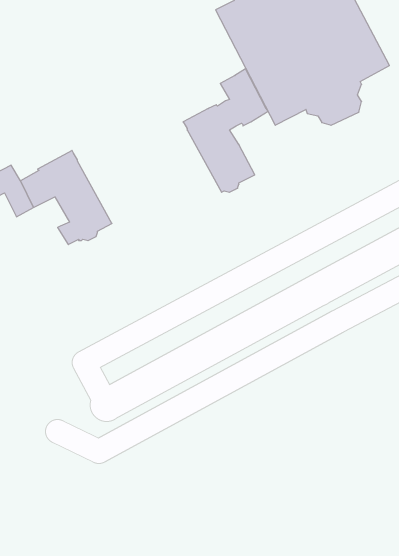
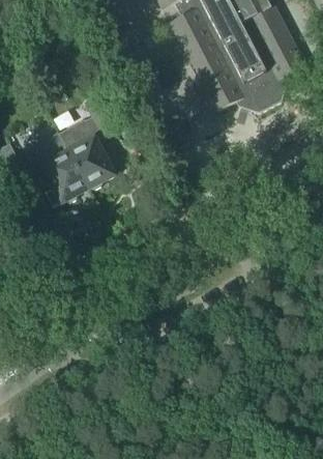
building: [183,69,268,192] -> [59,90,125,187]

